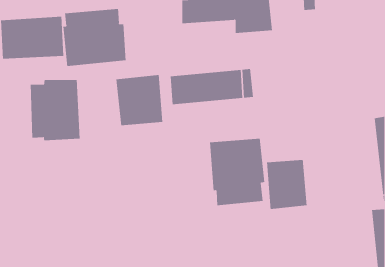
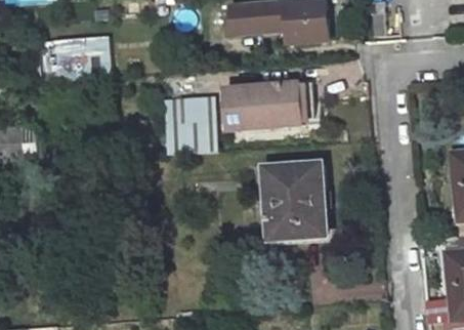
building: [63,8,126,67] -> none
building: [30,79,80,141] -> none
building: [267,159,307,210] -> none

